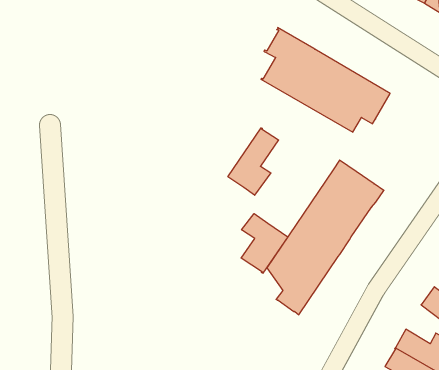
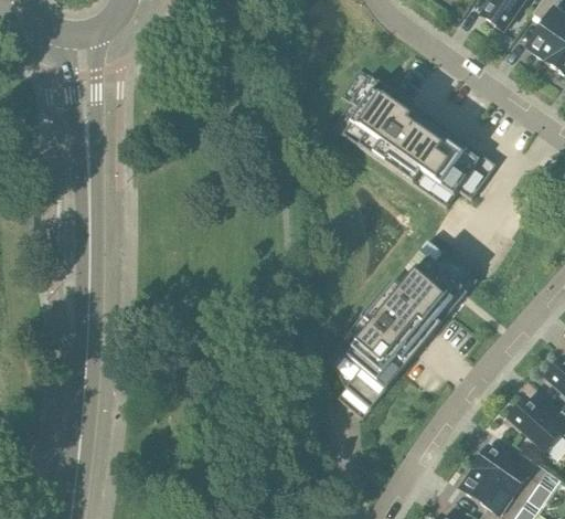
building: [228,128,279,195] -> none
building: [241,214,288,273] -> none

